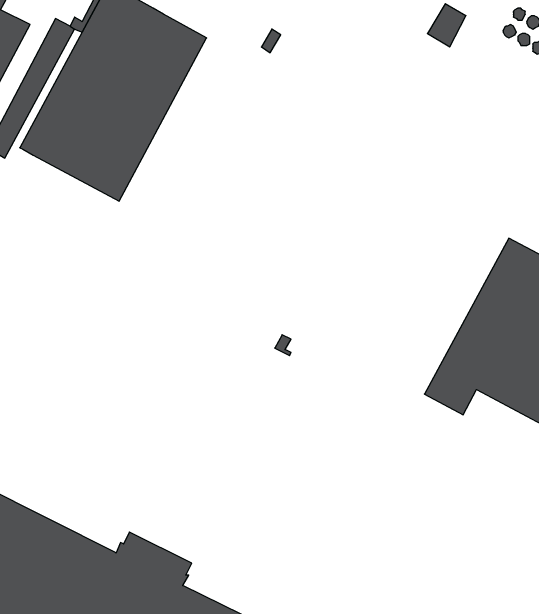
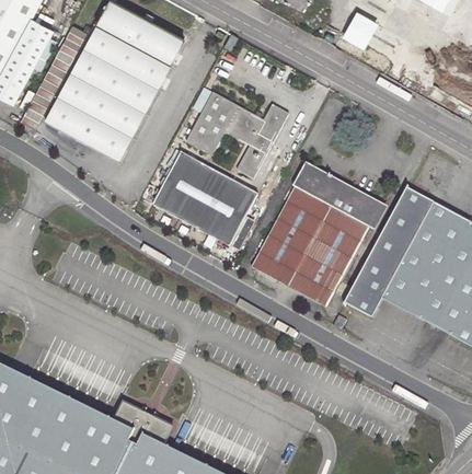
building: none -> [186,93,288,180]
building: none -> [153,153,257,247]
building: none -> [251,163,382,307]

